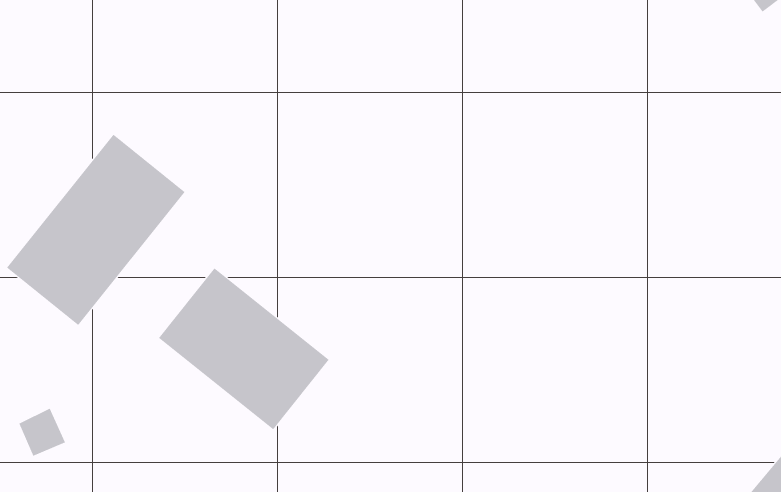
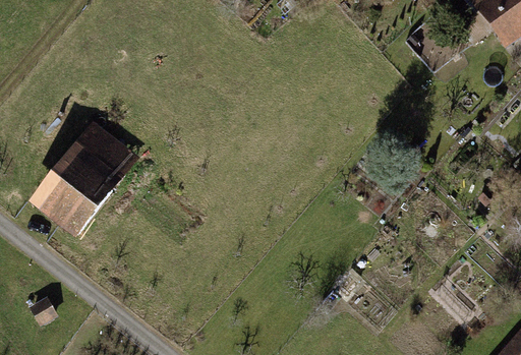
building: [158,268,329,430] -> none

